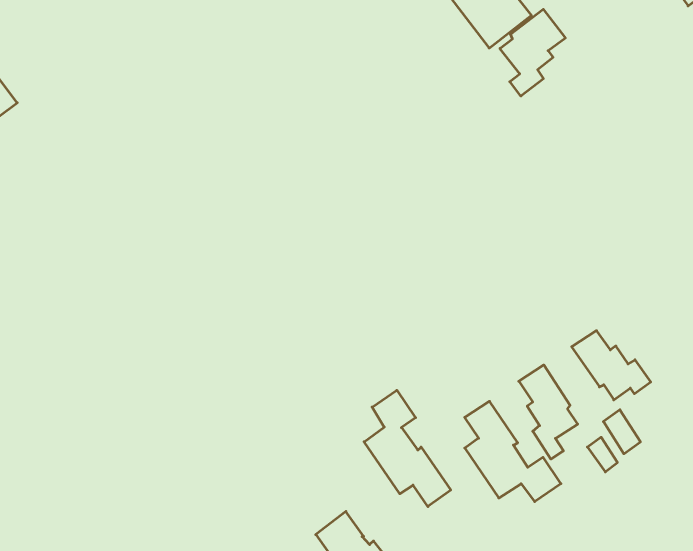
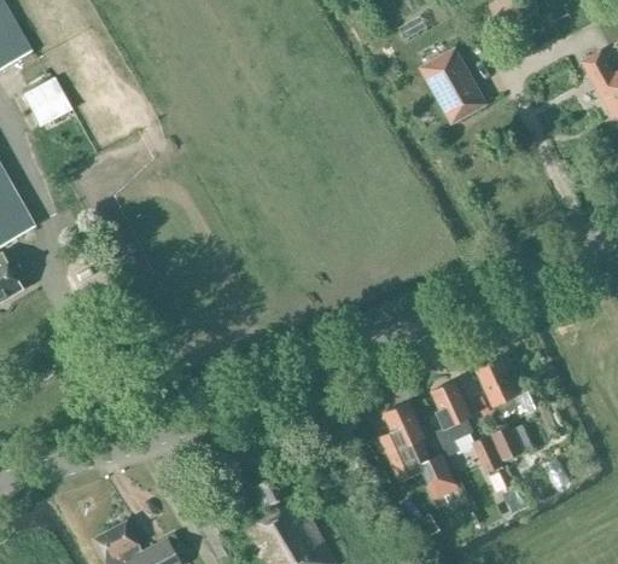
building: [500,9,565,96] -> none
building: [364,390,451,507] -> none

